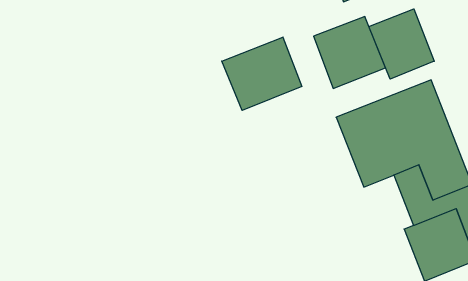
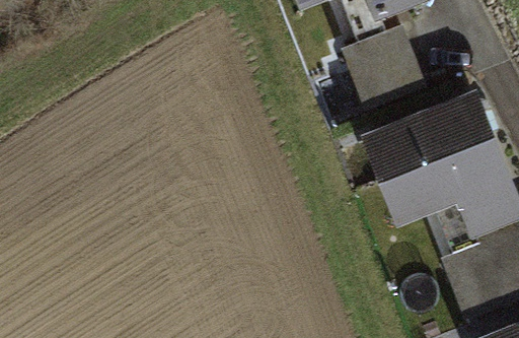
building: [369,9,434,79] -> none
building: [222,37,302,110] -> none

